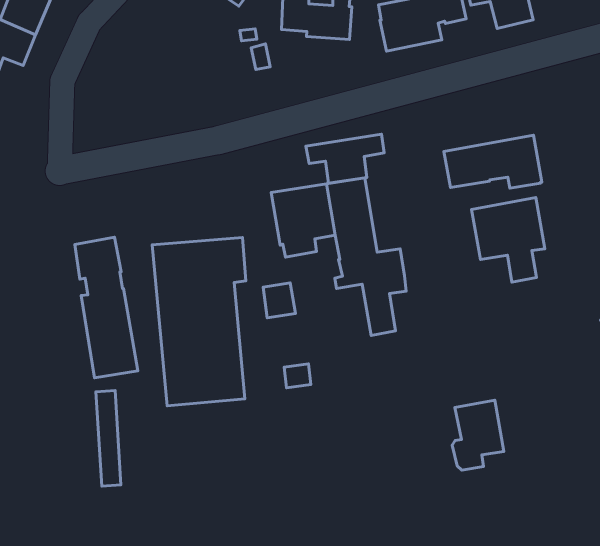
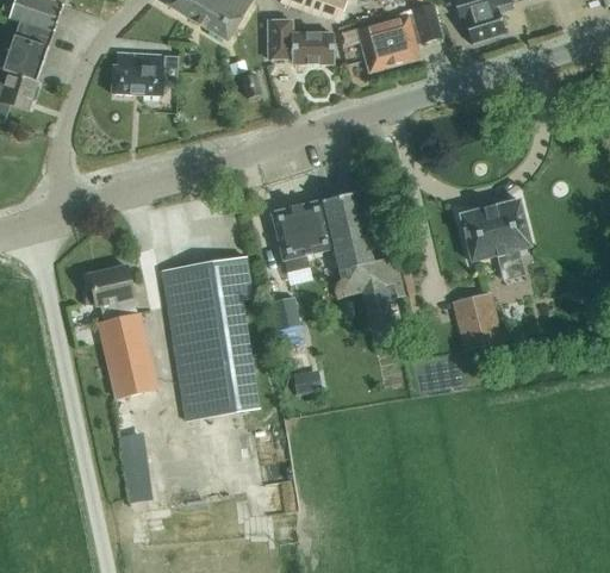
building: none -> [111,51,178,94]
building: [306,134,384,183] -> none
building: [444,135,542,188] -> none
building: [452,400,504,470] -> [452,291,500,359]

